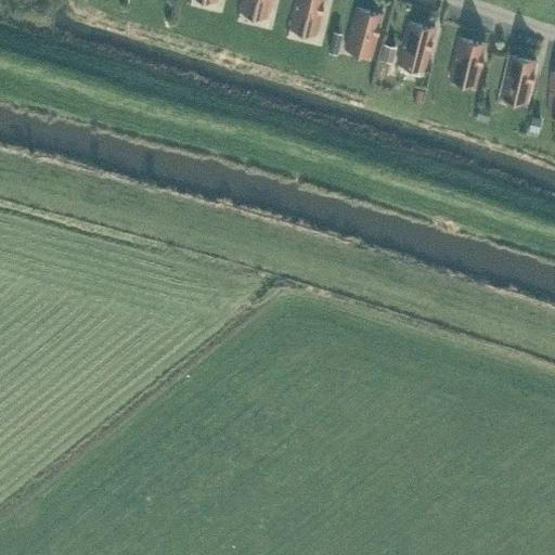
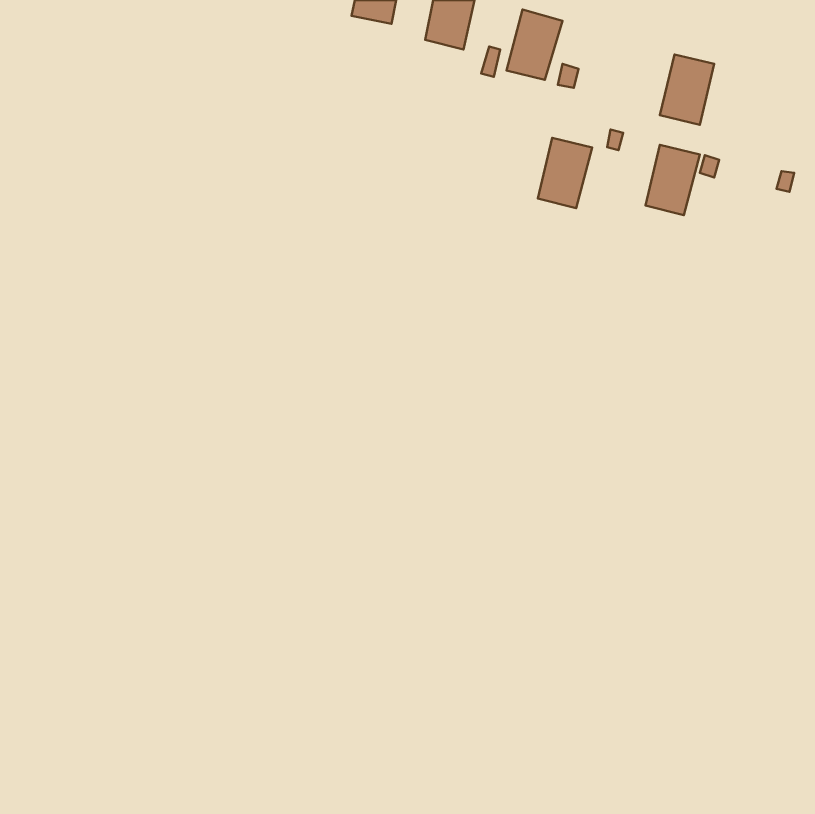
building: [397,23,434,70] -> [538,138,592,208]
building: [499,56,535,104] -> [645,145,700,215]

